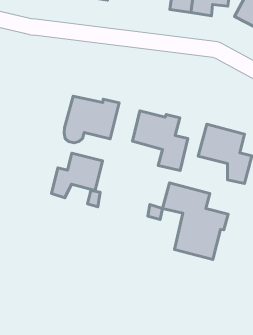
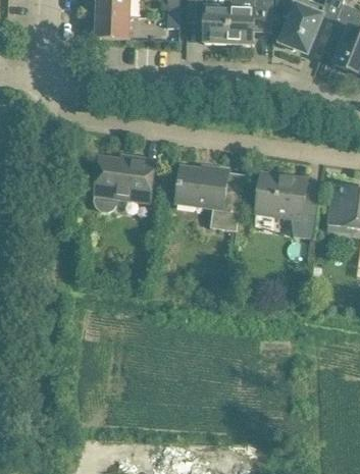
building: [51,153,103,198] -> none
building: [162,183,228,259] -> none

